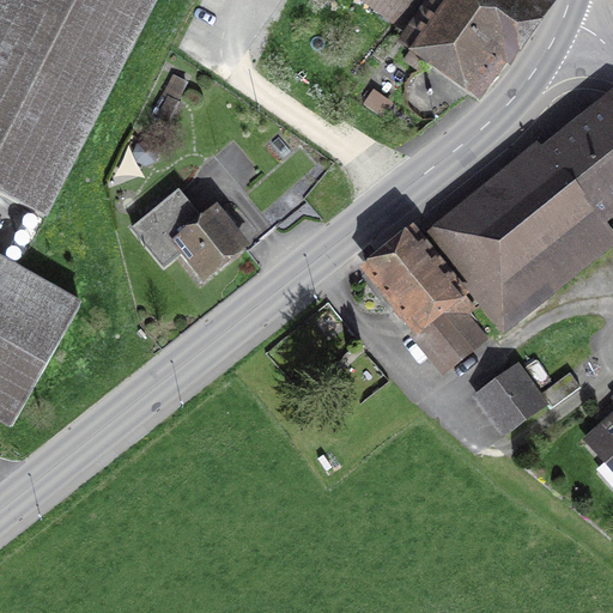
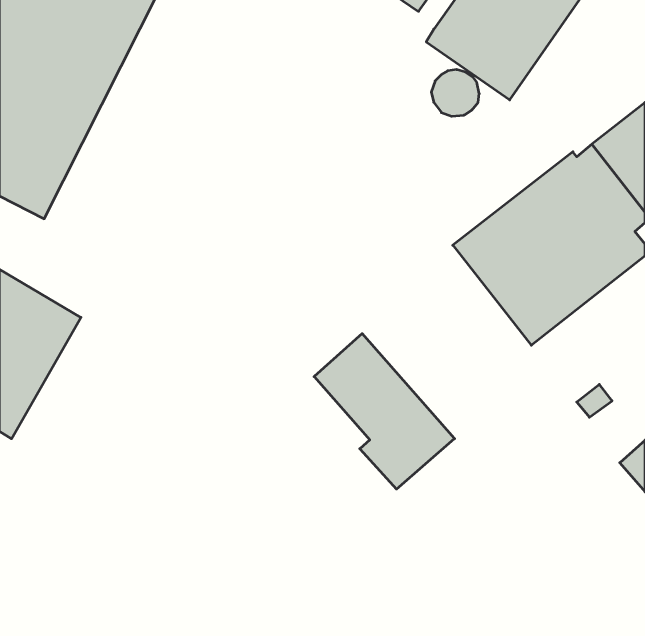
building: [133,188,251,278] -> none
building: [362,224,494,371] -> [314,334,455,489]
building: [478,363,551,436] -> none

